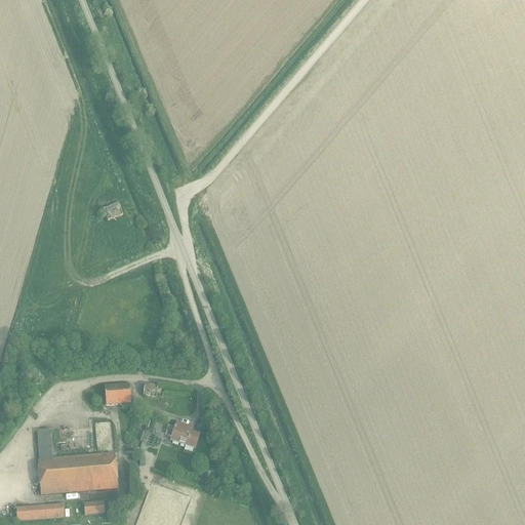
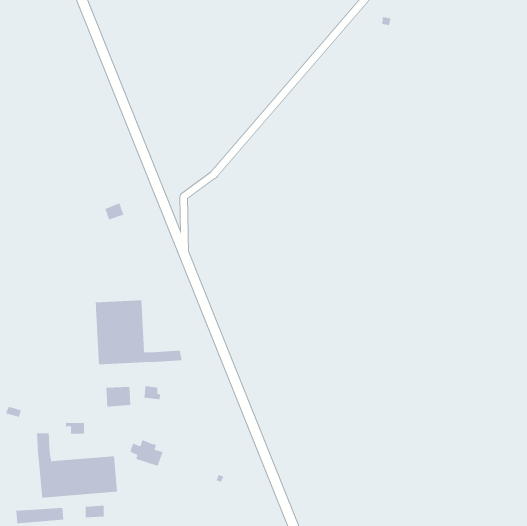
building: none -> [95,299,182,365]
building: [166,420,200,447] -> [129,440,163,466]

